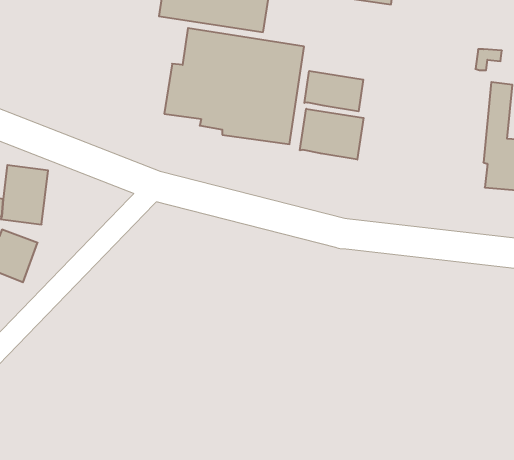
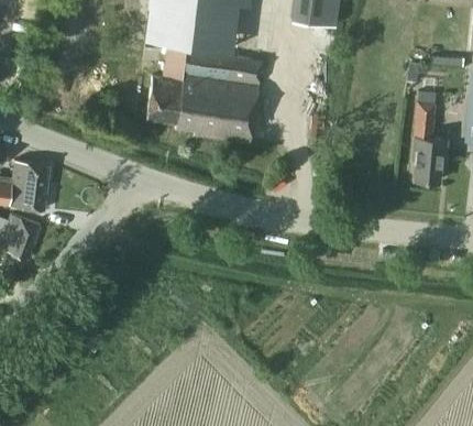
building: [304,71,363,111] -> none
building: [300,109,364,160] -> none

